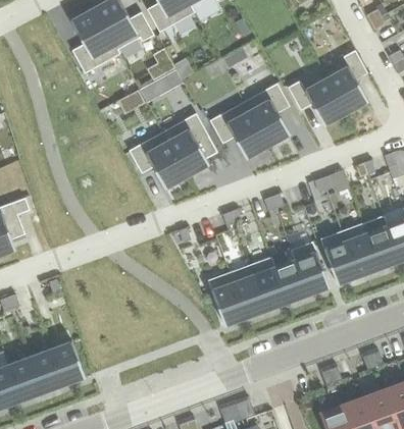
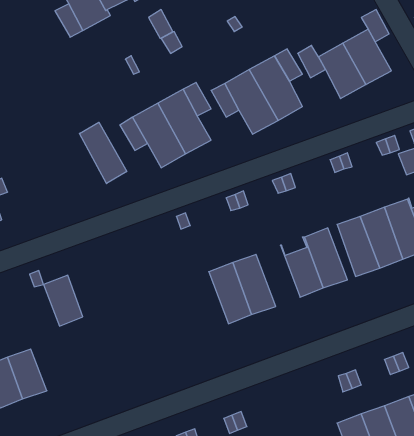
building: none -> [79,122,127,184]
building: [249,257,288,311] -> none
building: [50,340,85,385] -> [43,275,83,326]

